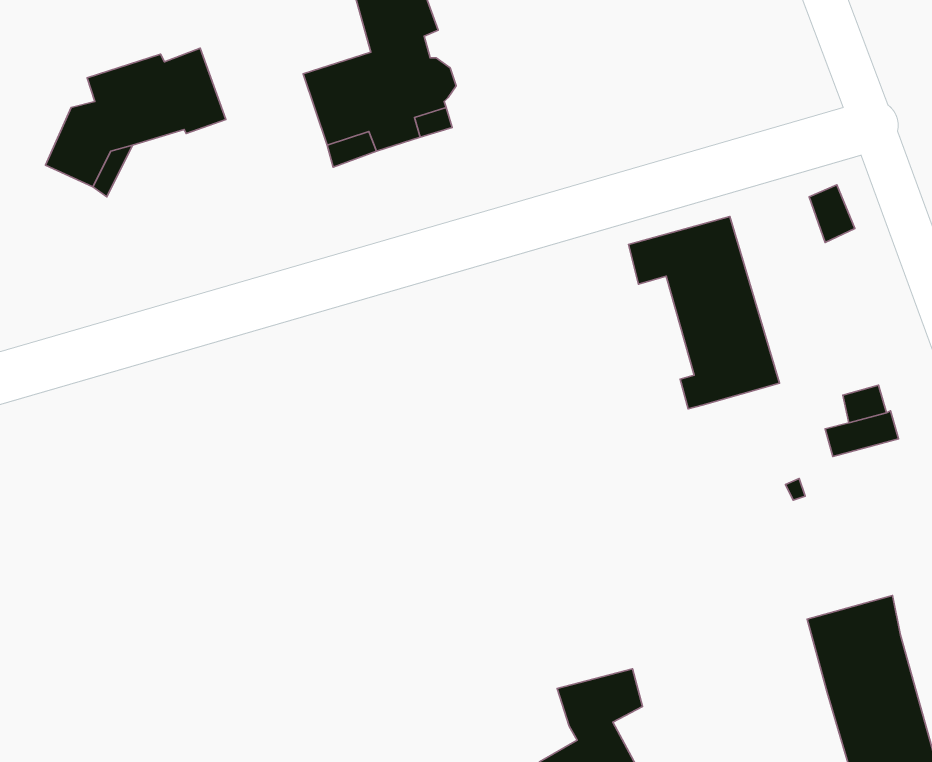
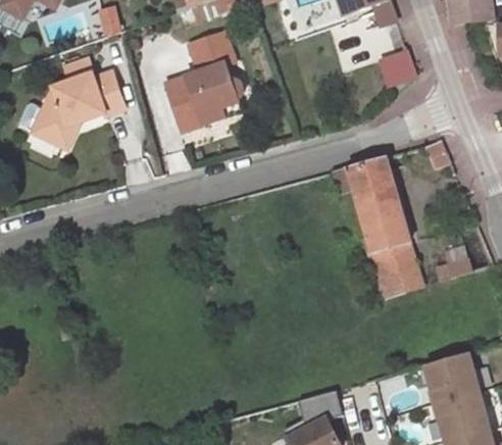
building: none -> [379,50,414,86]
building: none -> [371,243,423,297]

